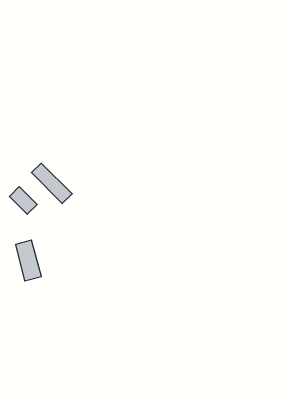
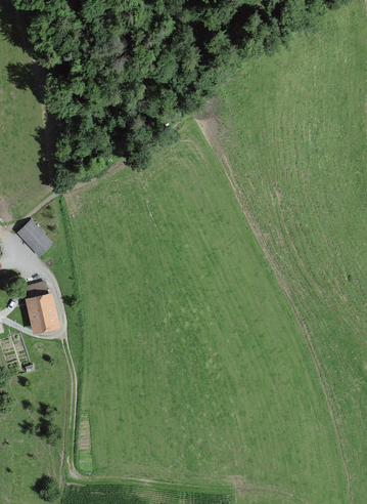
building: [31,163,72,204] -> none

